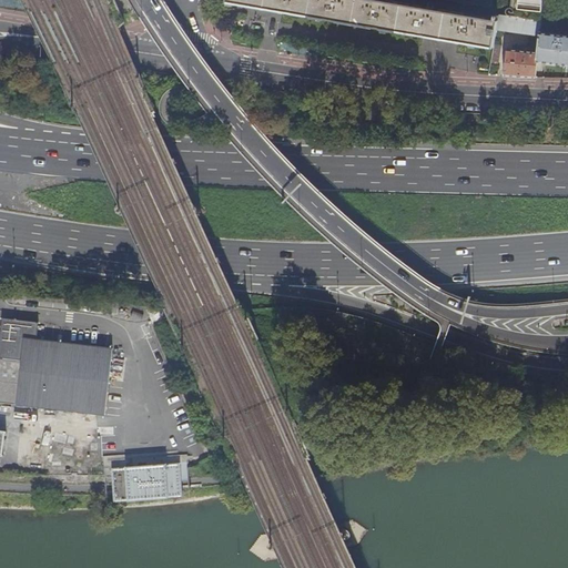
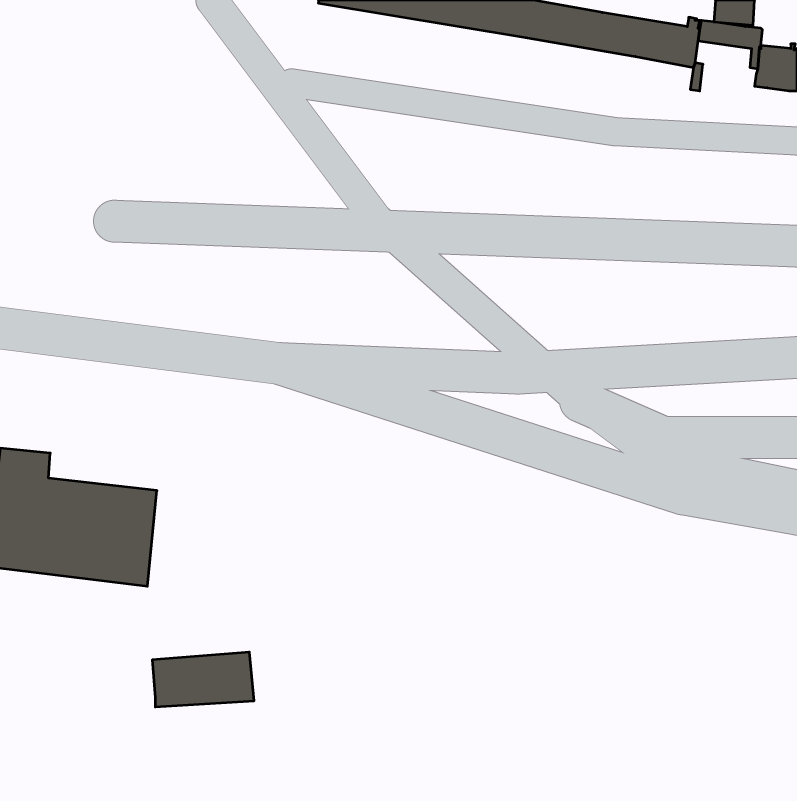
building: [501,45,535,77] -> none

